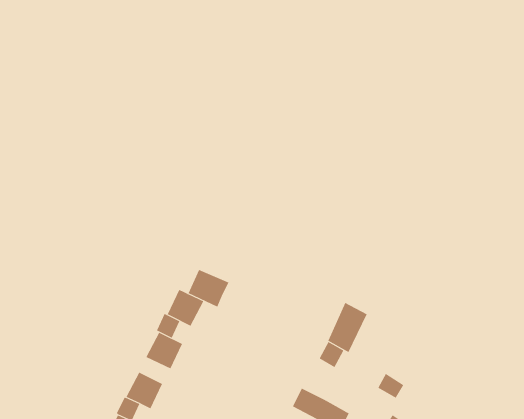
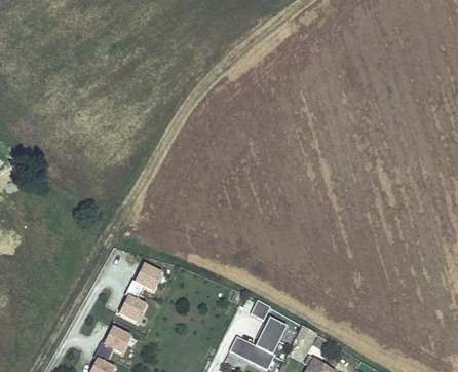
building: [188,269,229,307] -> none
building: [327,302,367,353] -> [257,315,288,355]

